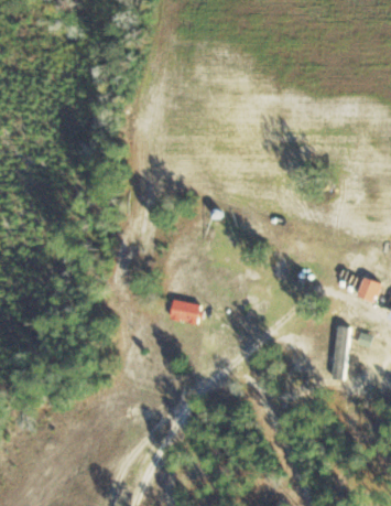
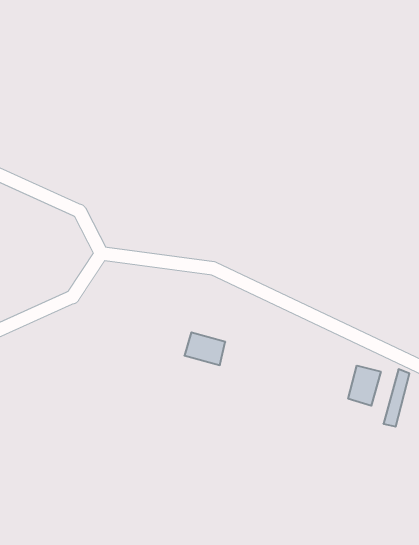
building: none -> [348,366,381,406]

